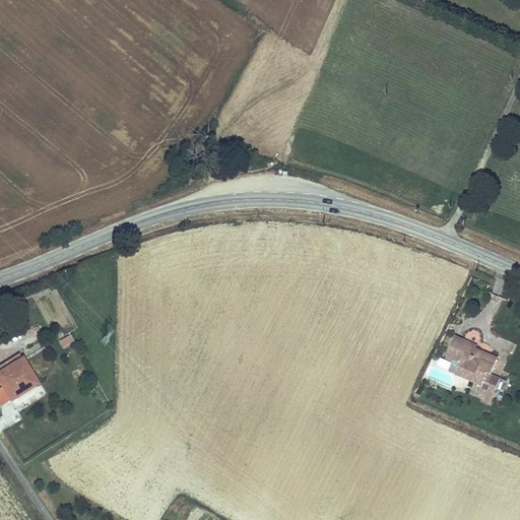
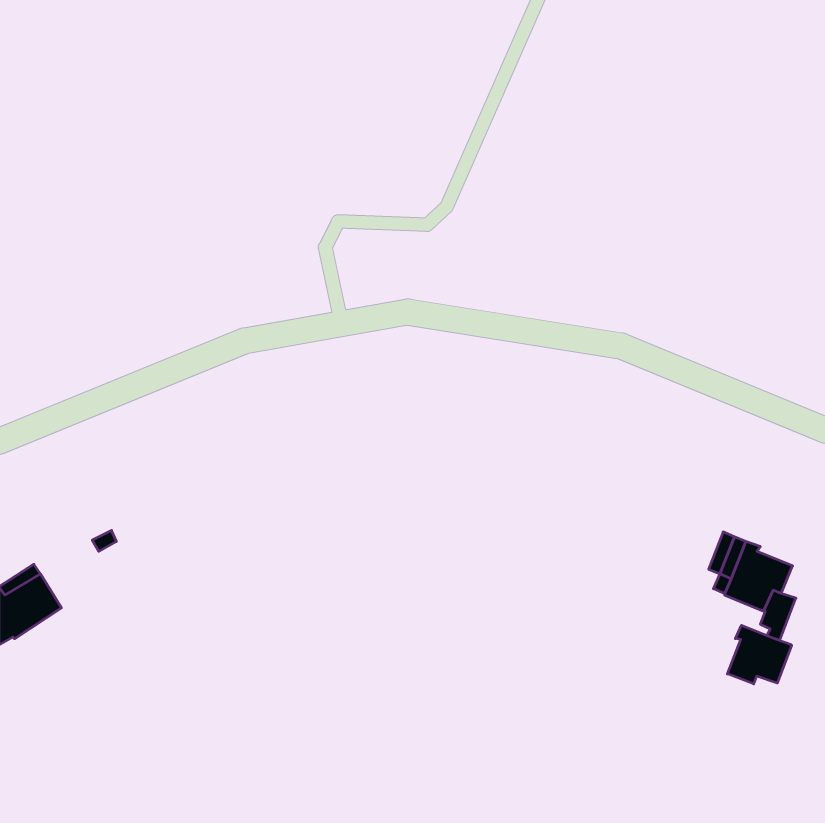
building: none -> [727,625,792,684]

